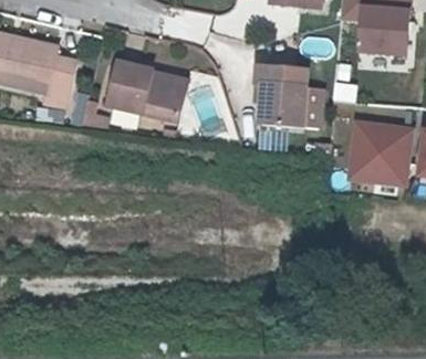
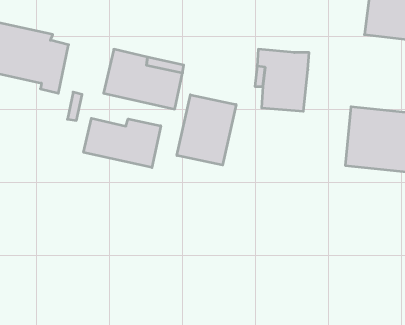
building: none -> [177,95,236,165]
building: none -> [84,118,161,168]

